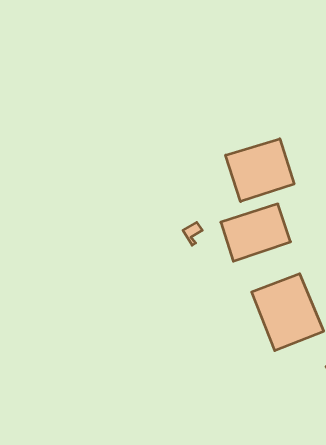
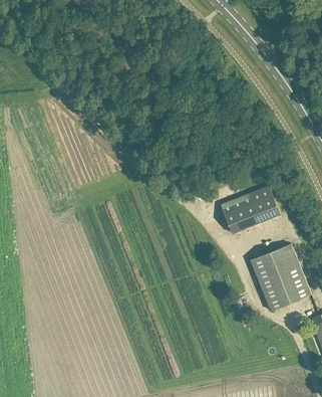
building: [226,139,294,202] -> none

